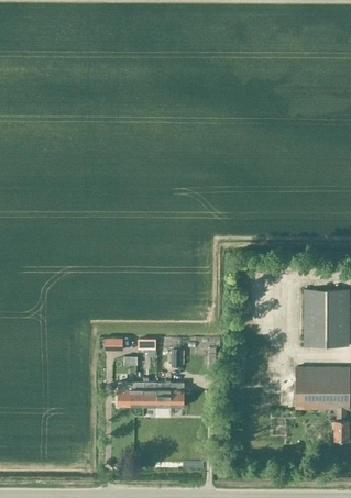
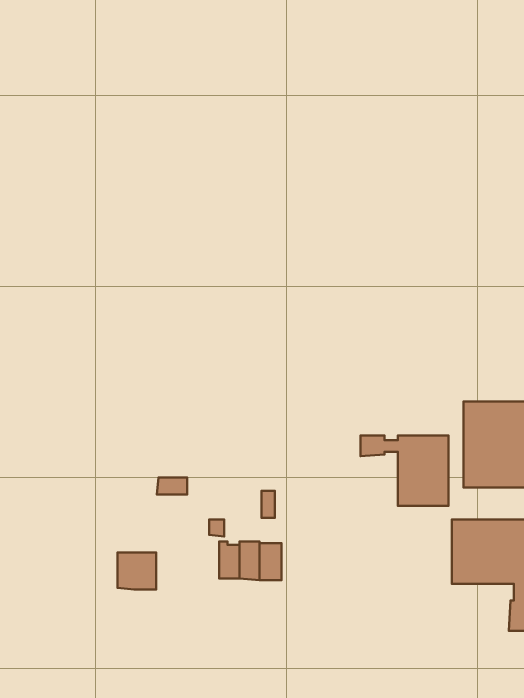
building: none -> [360,436,449,506]
building: [119,381,144,406] -> [117,552,156,590]

